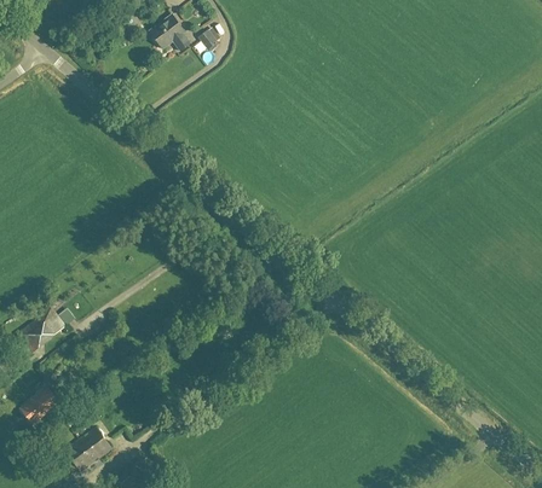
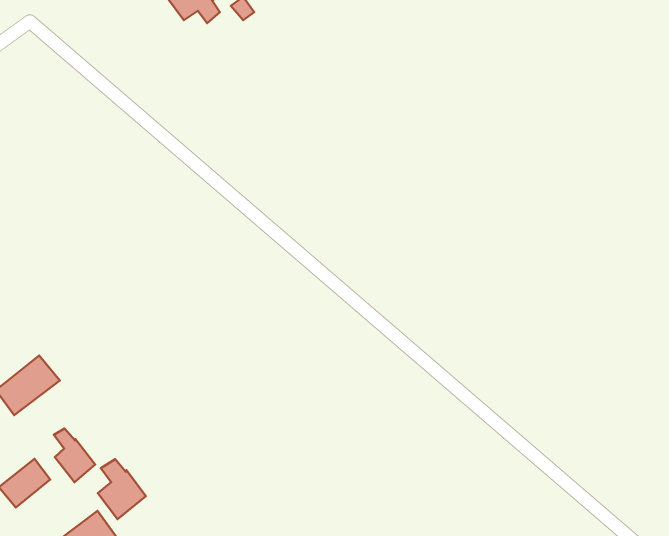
building: none -> [54,428,95,482]
building: none -> [98,459,146,519]

